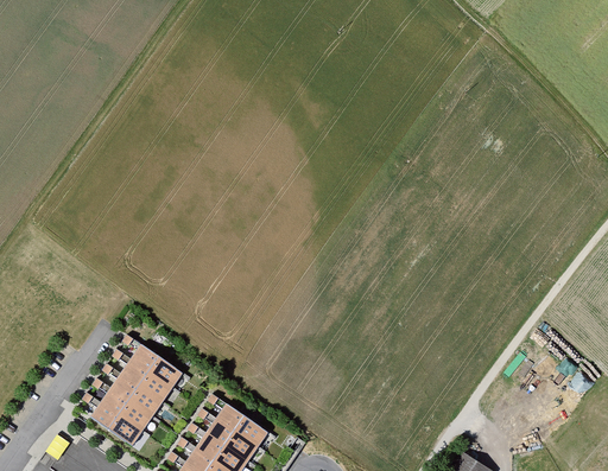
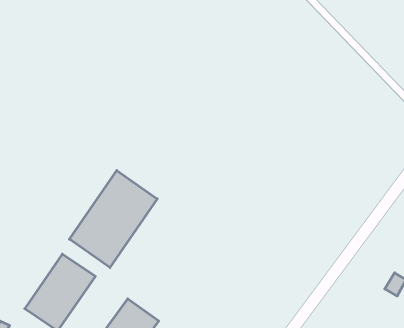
building: none -> [69,170,157,268]

